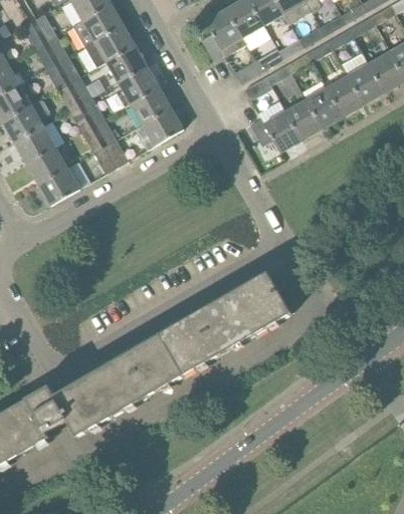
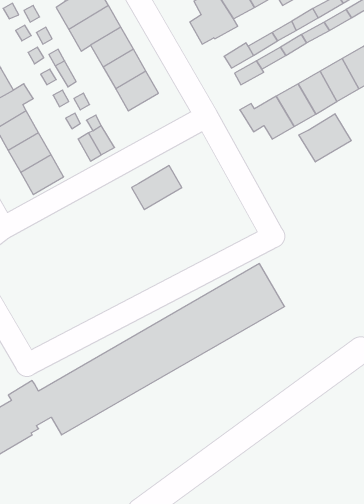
building: [134,106,182,149] -> [132,166,182,210]
building: none -> [299,114,351,162]

